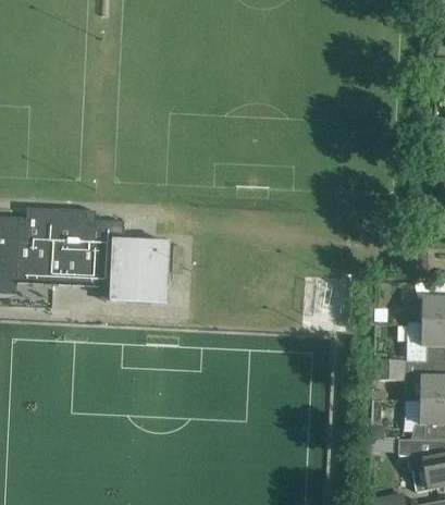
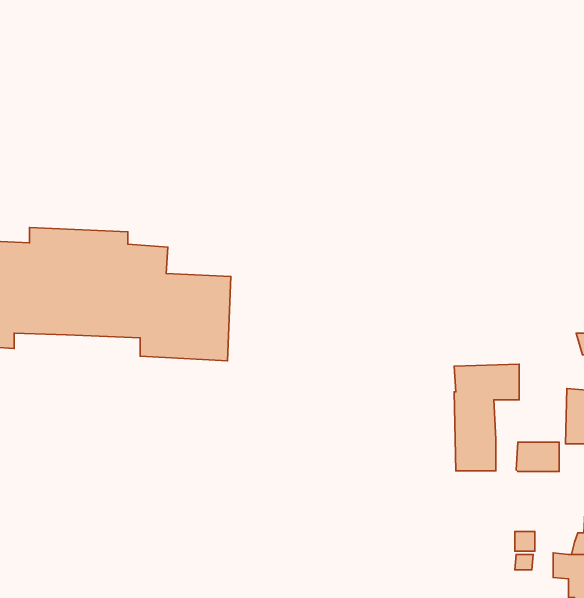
building: none -> [454,364,519,471]

